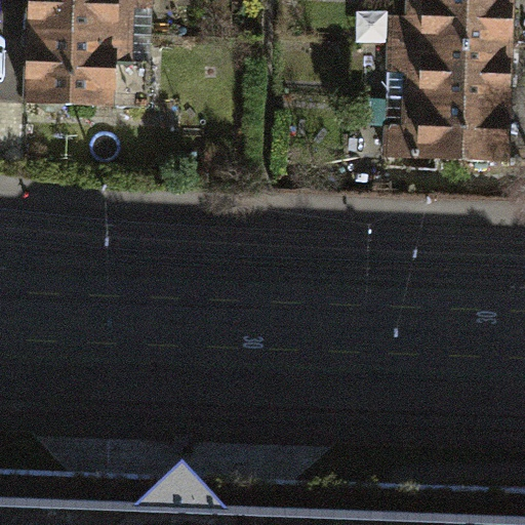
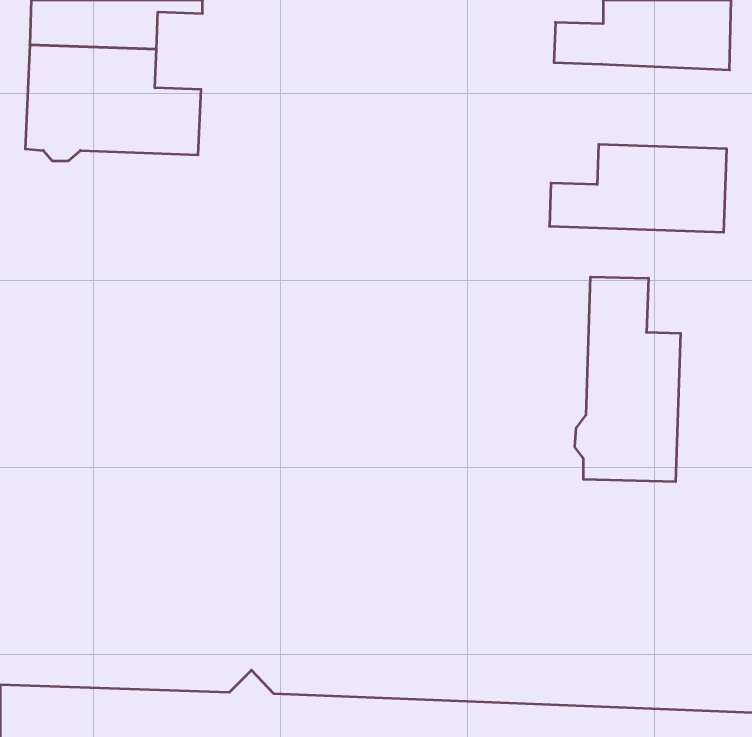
building: [387,59,509,119] -> none
building: none -> [575,277,681,482]

